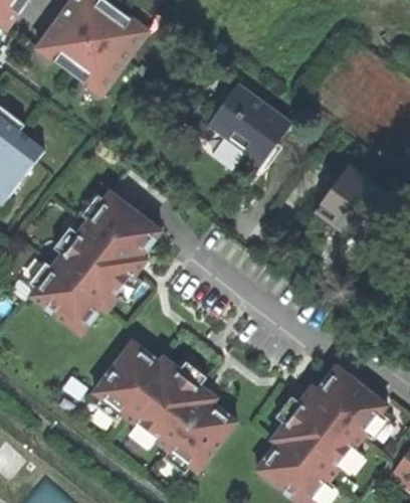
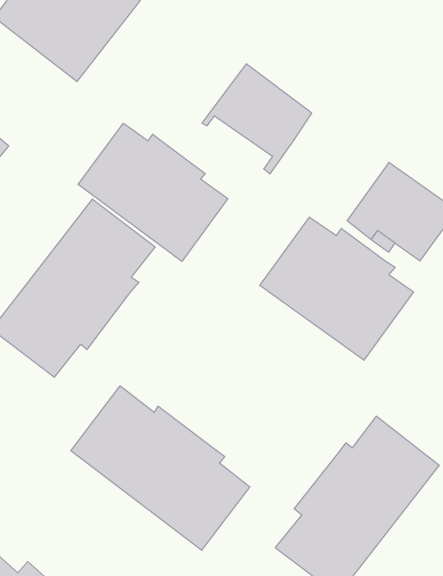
building: none -> [78,123,228,261]
building: none -> [260,217,414,360]

